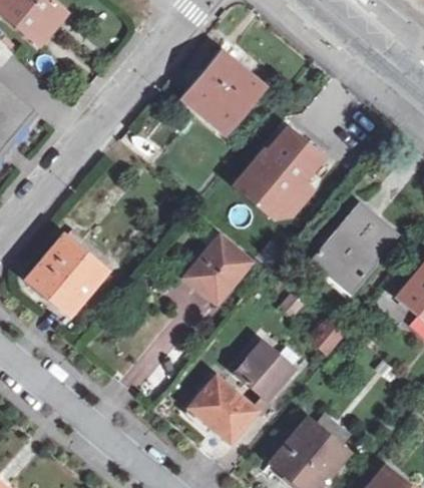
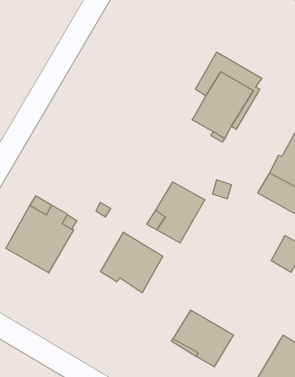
building: [182,55,262,134] -> none
building: none -> [100,232,163,293]
building: [234,343,293,400] -> none

